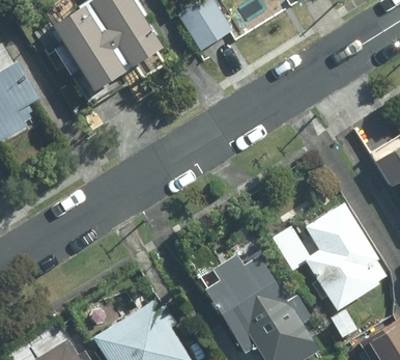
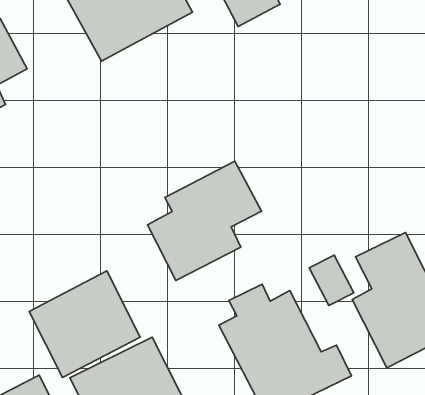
building: none -> [148,161,262,280]
building: none -> [29,271,140,378]

